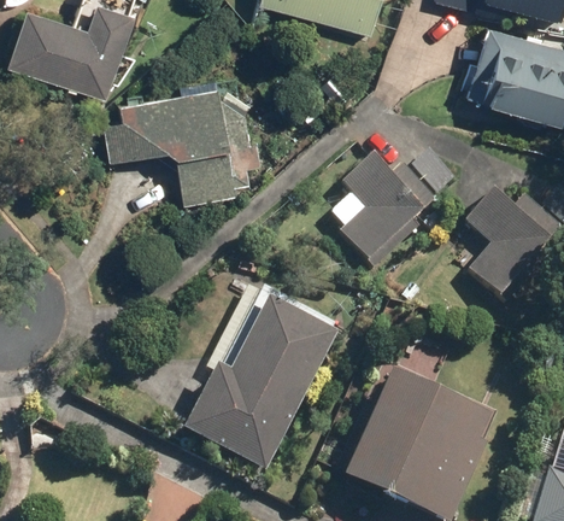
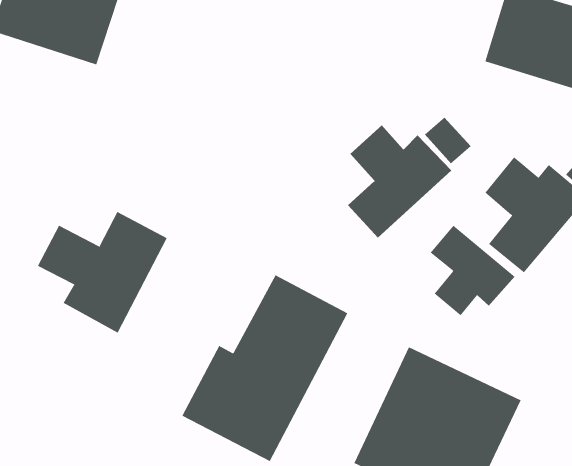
building: [102,87,255,206] -> none
building: none -> [37,211,167,334]
building: none -> [430,225,515,316]

